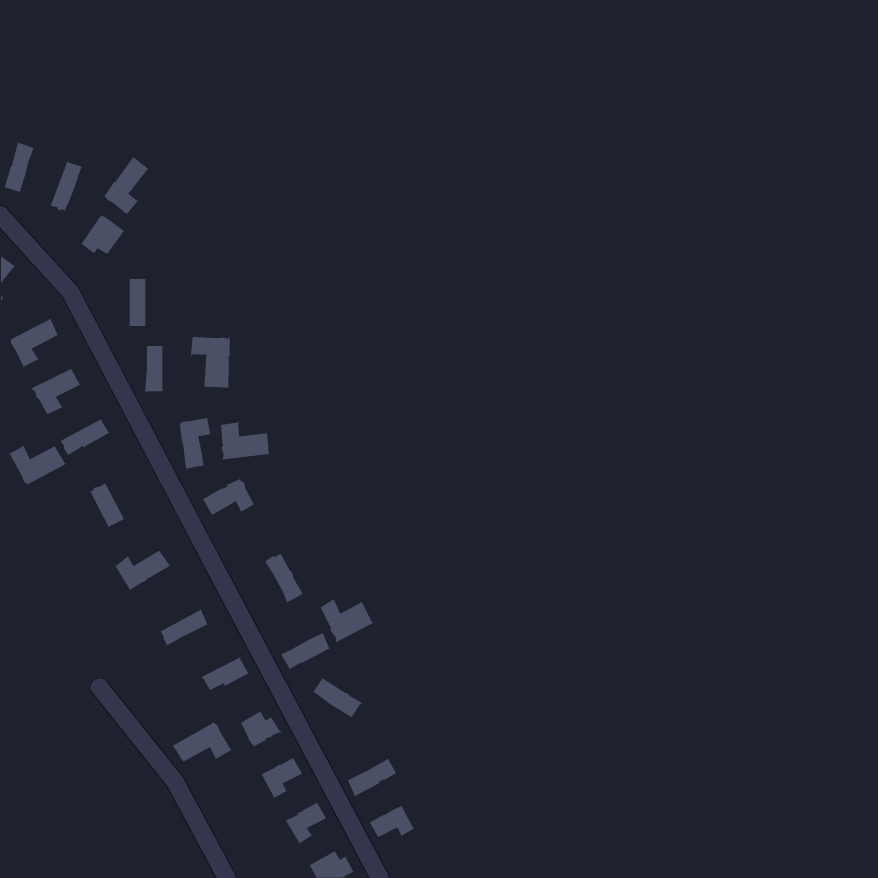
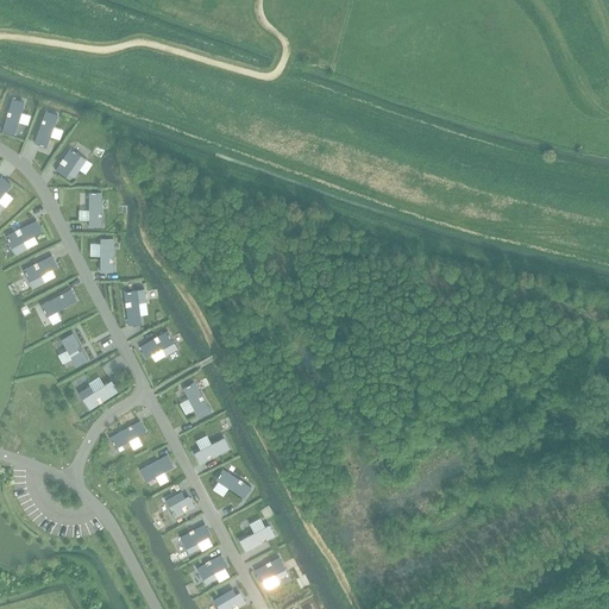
building: [102,155,149,215] -> none
building: [190,336,231,391] -> none
building: [218,421,271,460] -> none
building: [8,445,68,486] -> none
building: [318,598,374,643] -> none
building: [171,721,233,763] -> none

